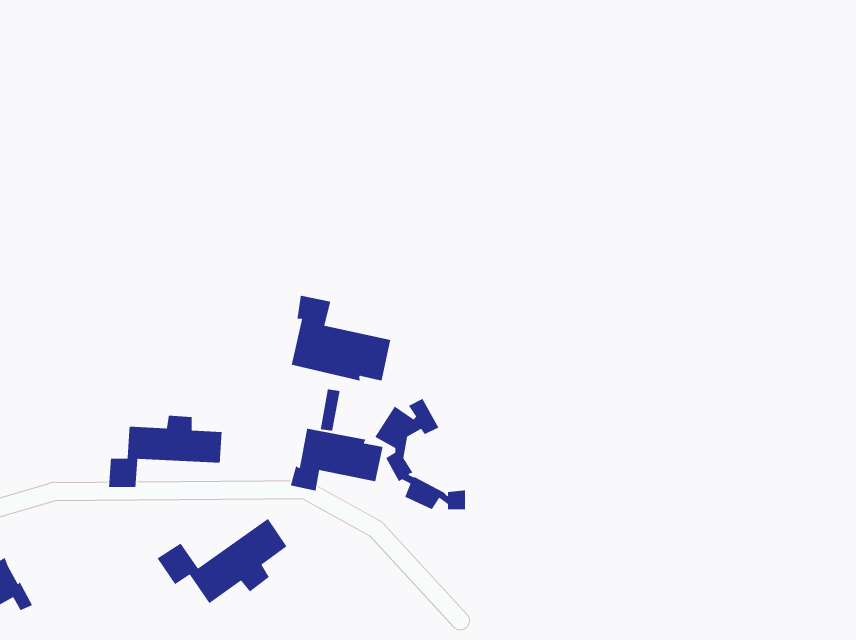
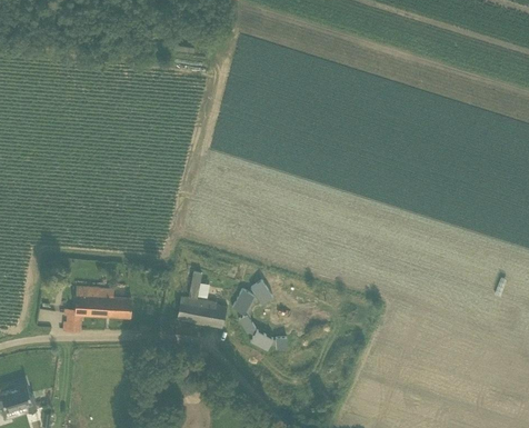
building: [291,295,391,382] -> none
building: [156,518,288,604] -> none

